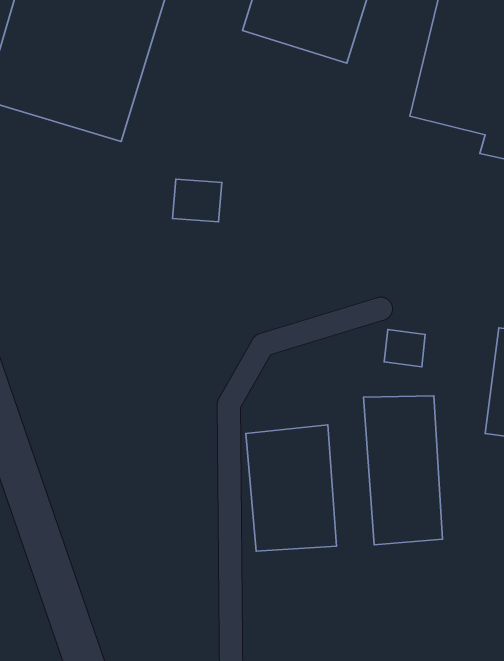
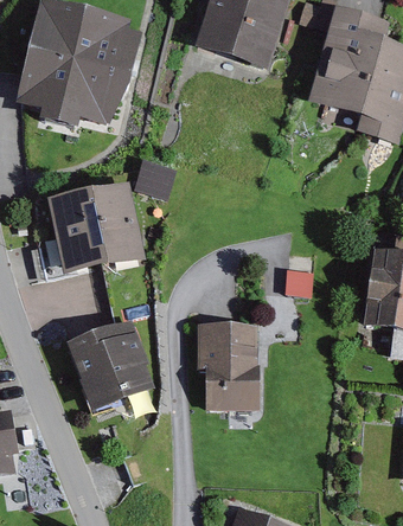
building: none -> [45,182,143,272]
building: [364,396,442,545] -> none
building: none -> [65,317,155,409]

